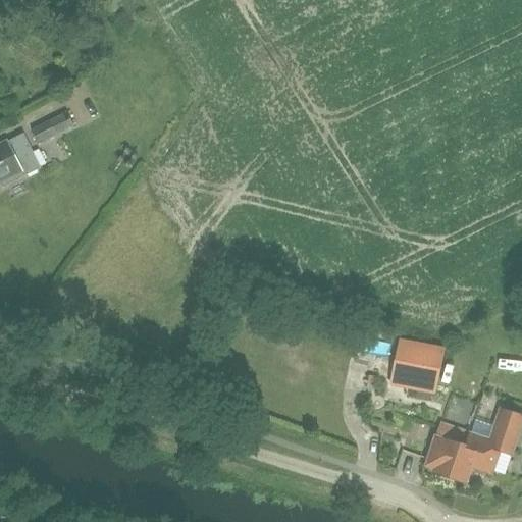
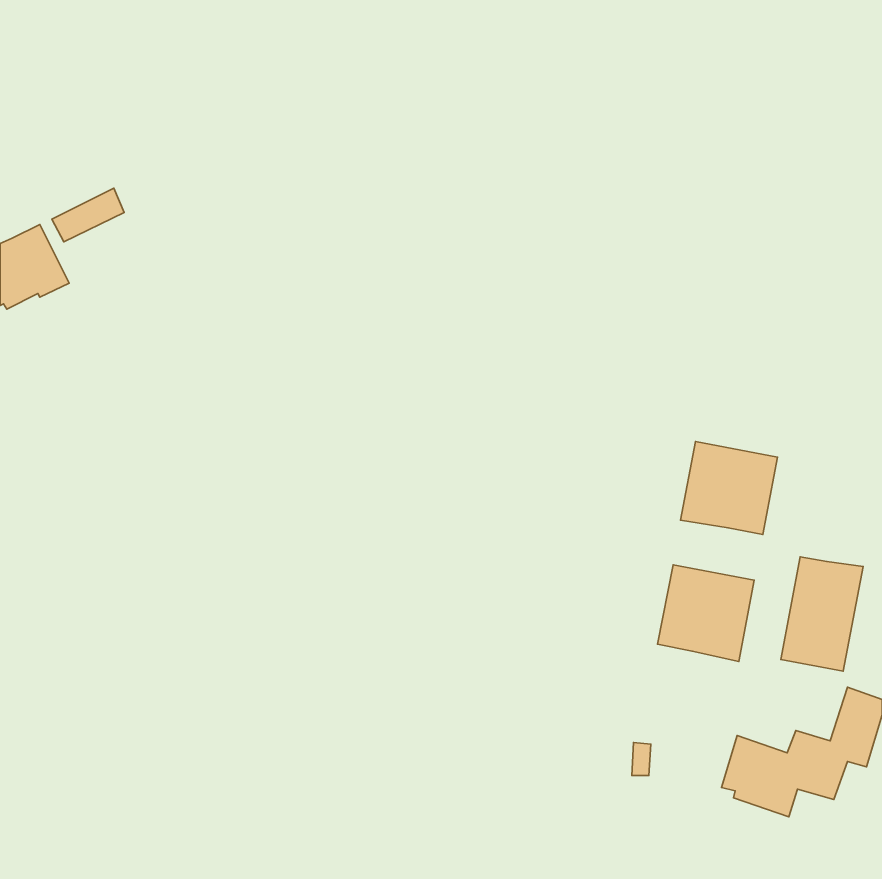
building: none -> [680,441,777,534]
building: none -> [781,557,863,671]

